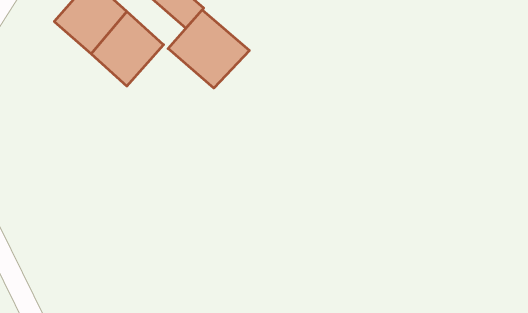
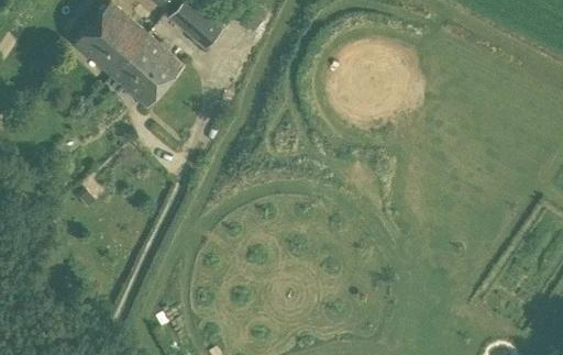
building: [168,10,249,88] -> none

